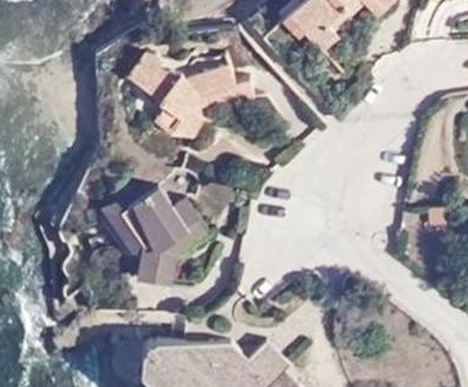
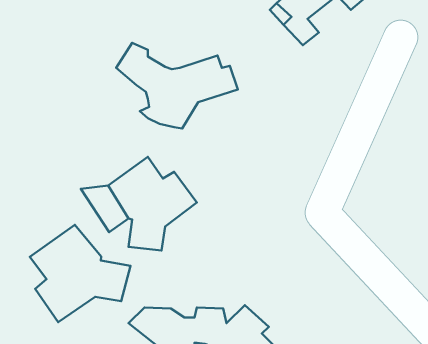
building: none -> [30,225,131,322]

